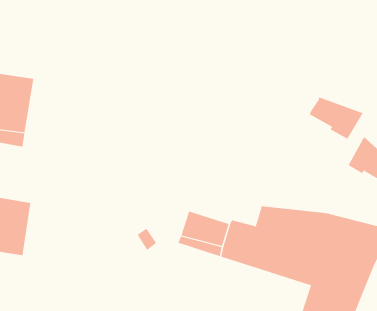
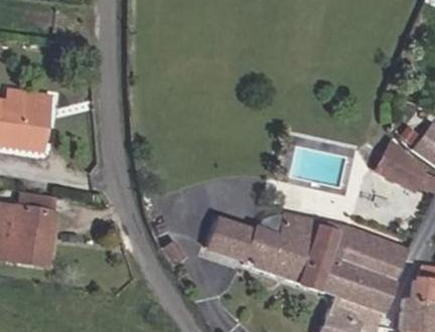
building: [309,97,363,139] -> none

